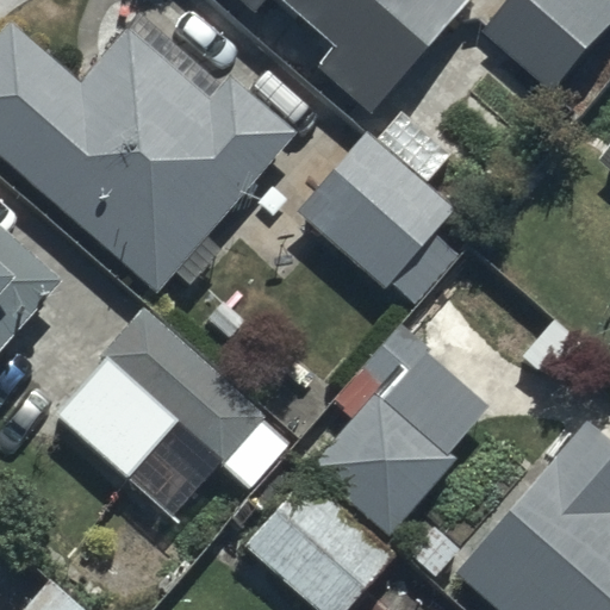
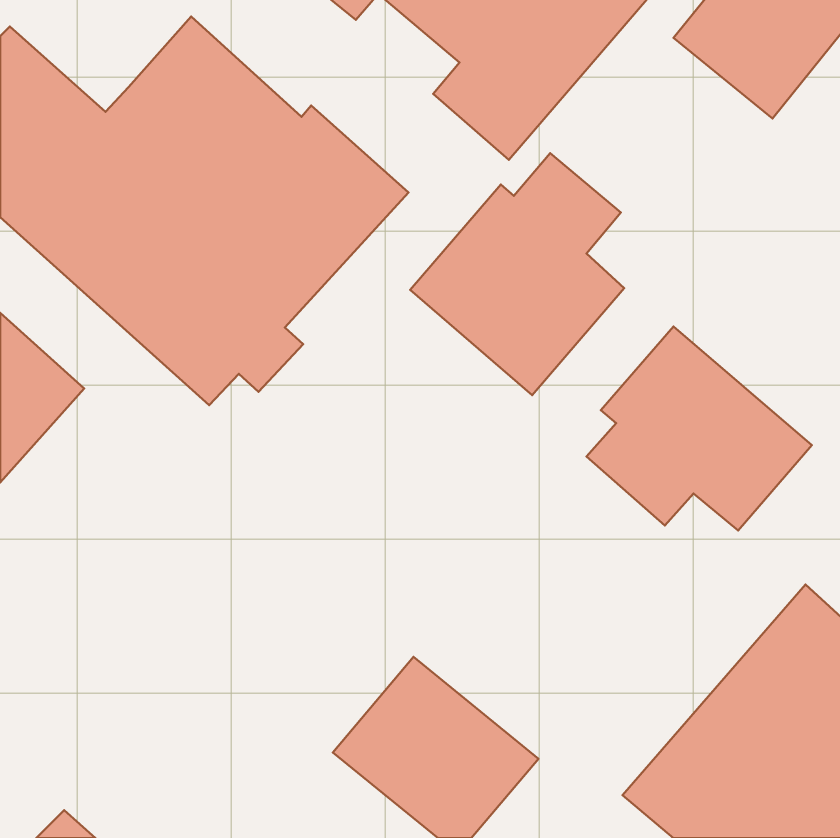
building: none -> [586,326,812,531]
building: [48,307,263,480] -> none
building: [310,324,487,536] -> none

